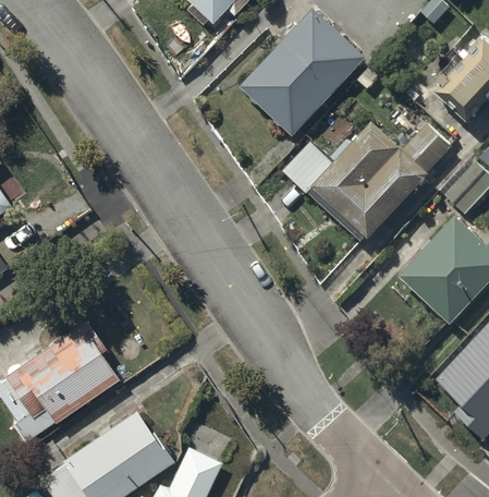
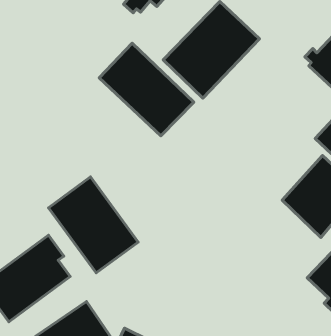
building: none -> [99,43,194,136]
building: [285,121,452,241] -> none
building: none -> [48,177,138,273]

